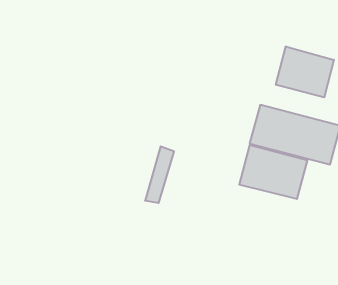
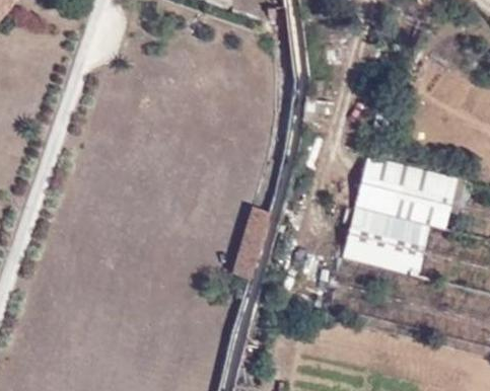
building: [276,46,334,97] -> none

